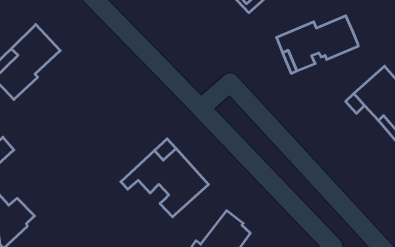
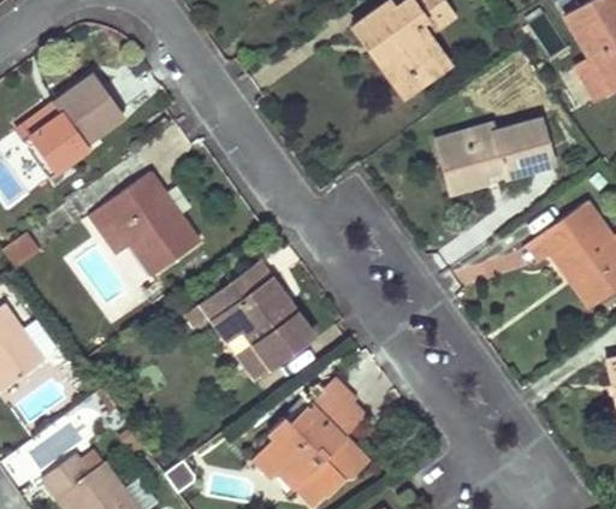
building: none -> [90,172,200,274]

